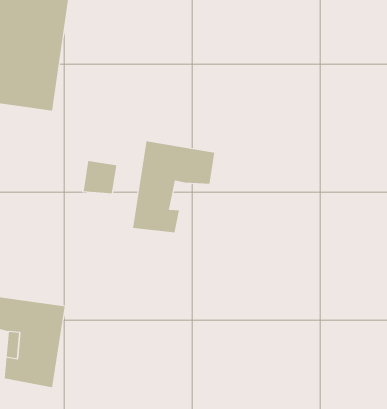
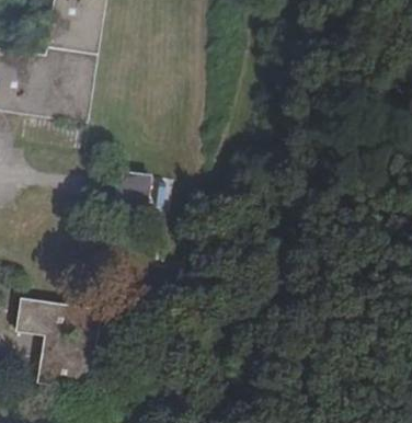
building: [132,140,215,233] -> none

